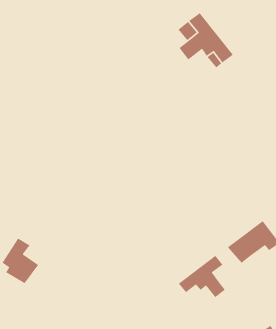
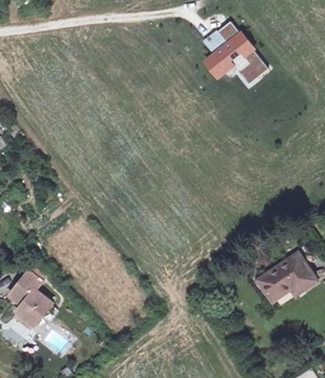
building: [178,255,226,298] -> none

